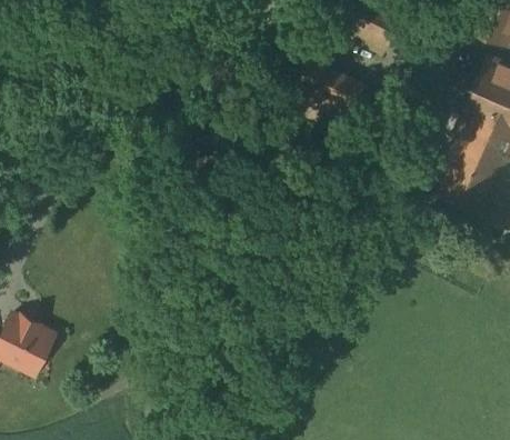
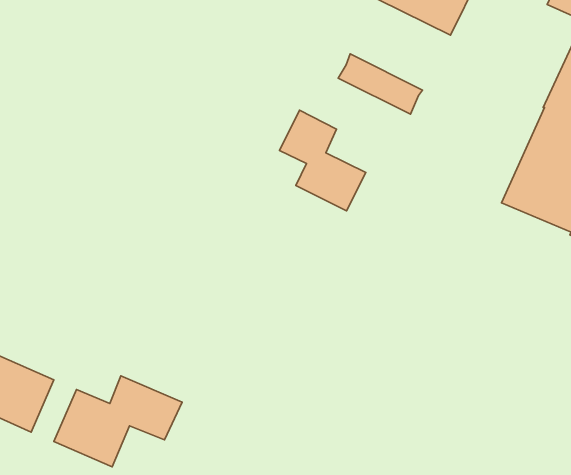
building: none -> [279,110,366,211]
building: none -> [54,376,182,467]

